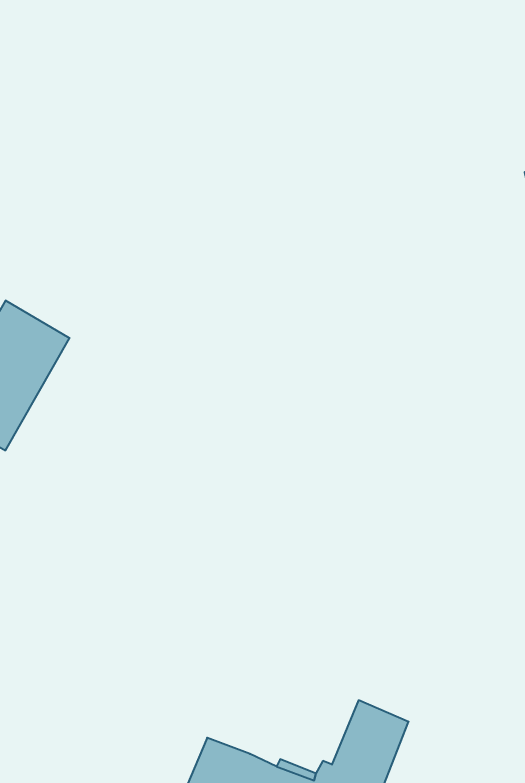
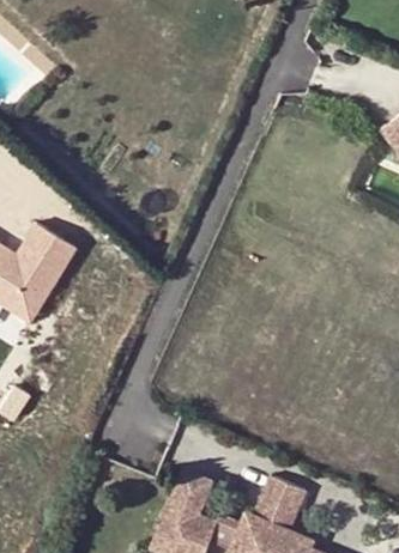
building: none -> [170,476,212,521]

